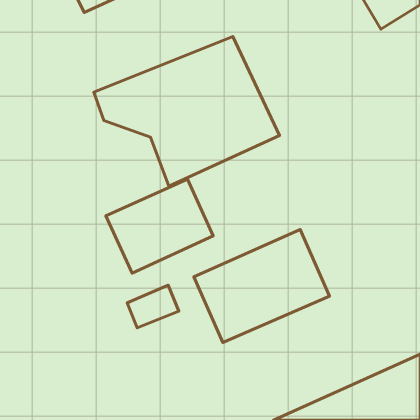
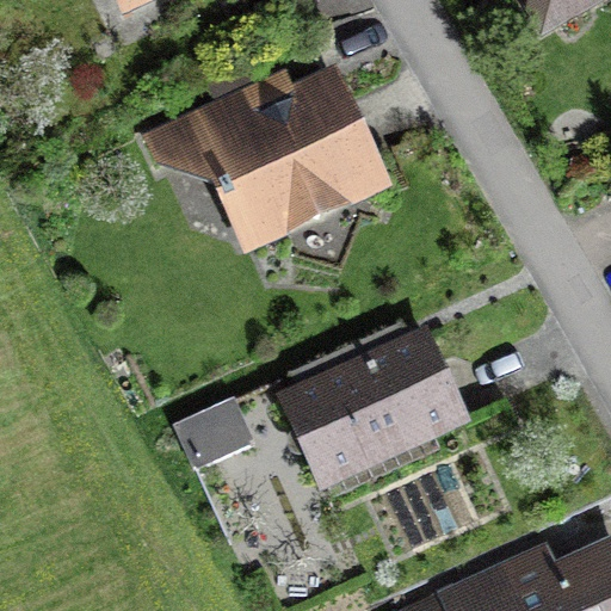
building: [106,179,213,273] -> none

